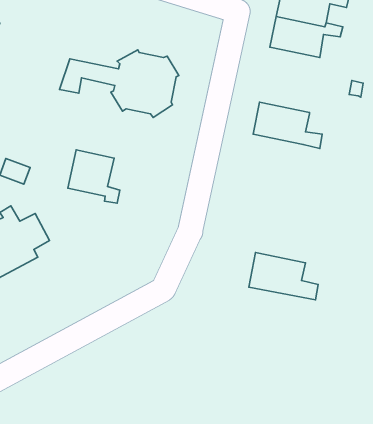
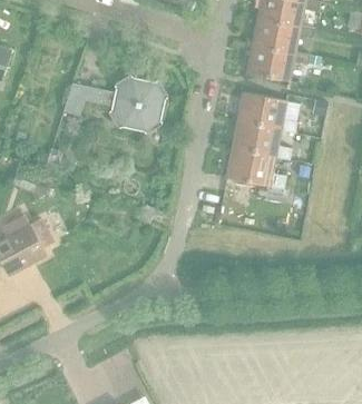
building: none -> [236,91,296,134]
building: [68,150,120,203] -> none
building: [249,252,318,300] -> [225,148,285,189]

